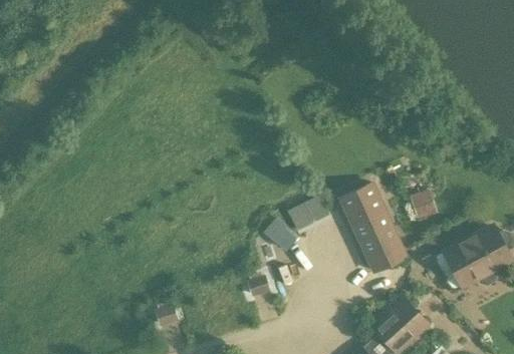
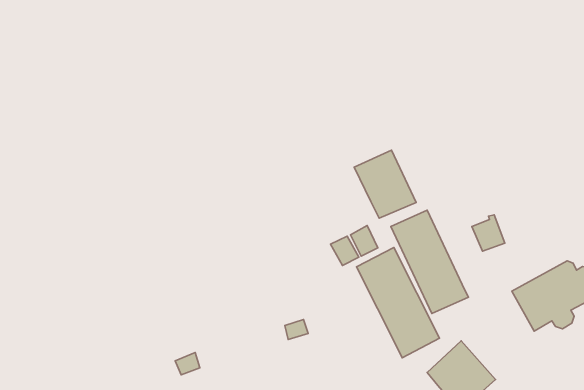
building: none -> [354,150,416,218]
building: [261,216,296,251] -> none
building: none -> [357,247,439,358]

